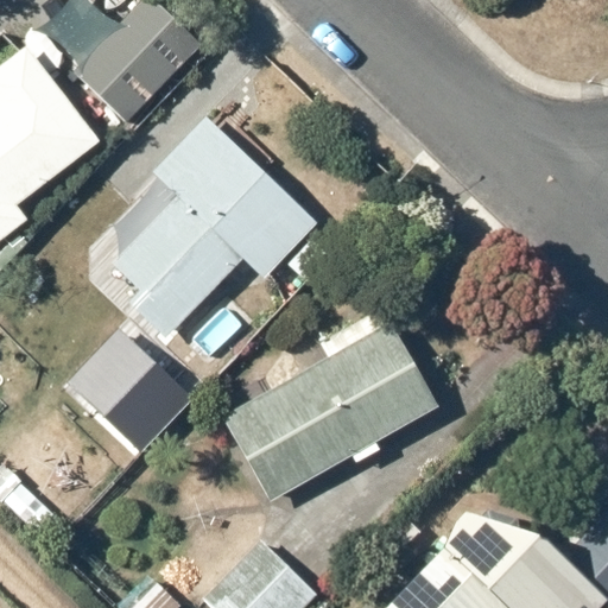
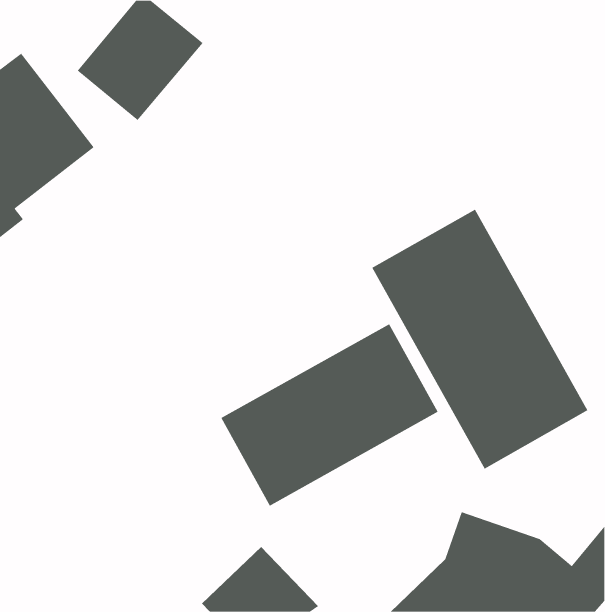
building: [113,114,318,343] -> none
building: none -> [372,209,588,469]
building: [87,350,186,450] -> none

